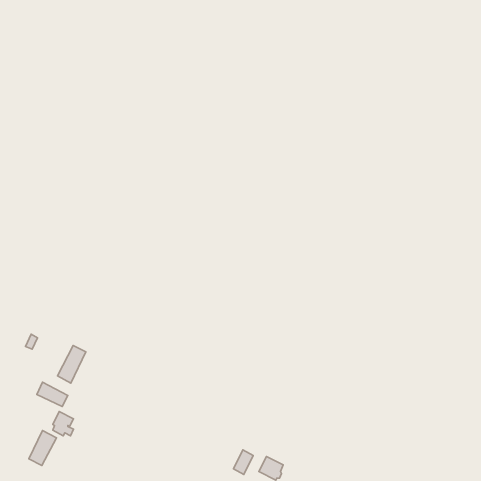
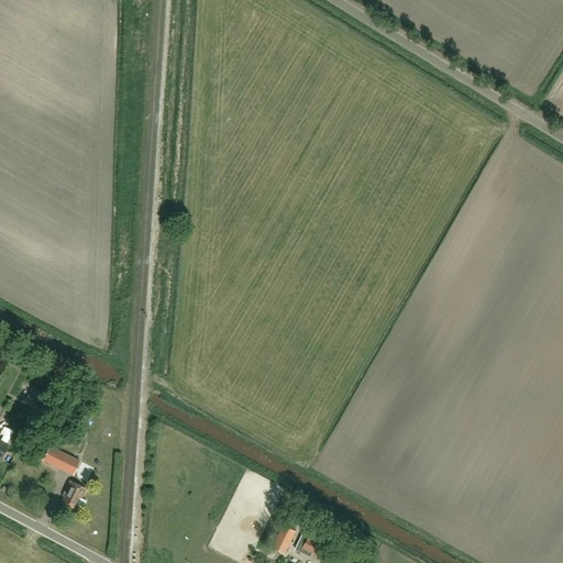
building: [57,345,86,383] -> none
building: [29,431,56,466] -> none

